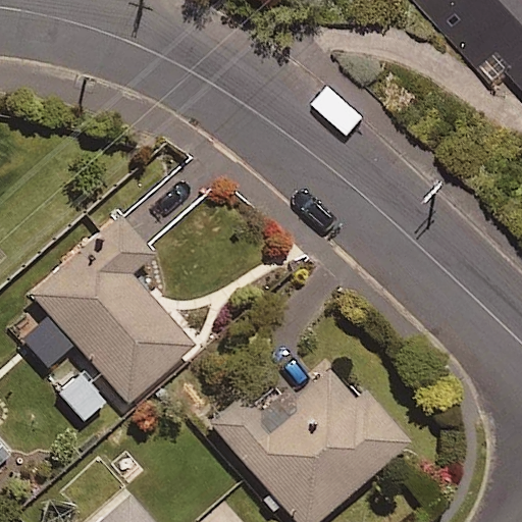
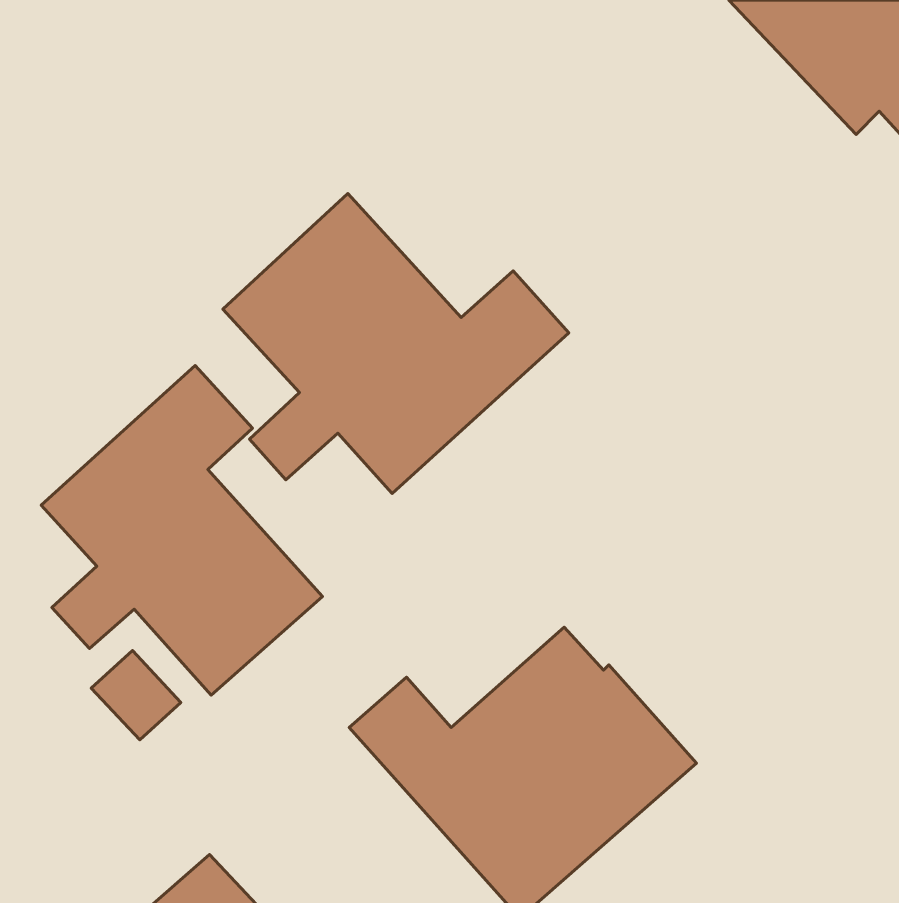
building: none -> [223,193,569,493]

